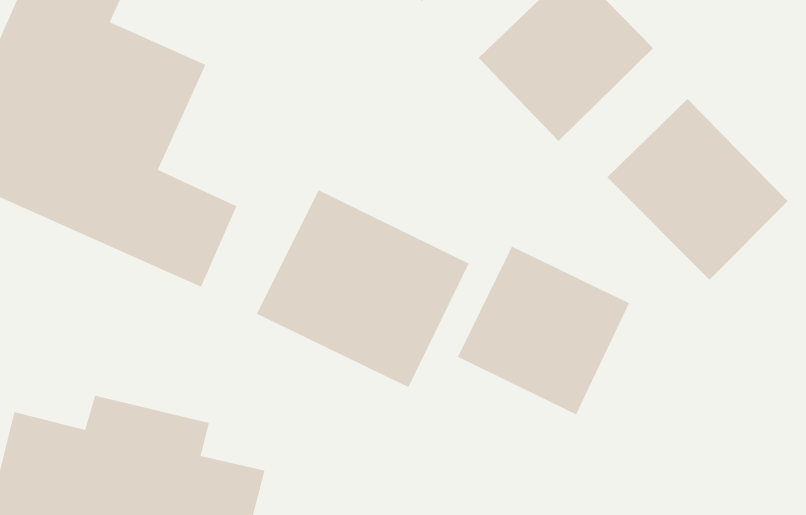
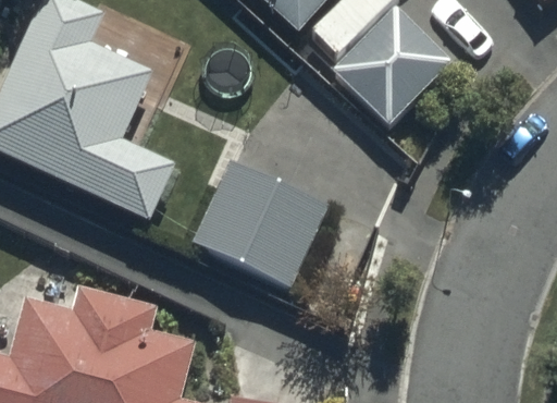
building: [607,98,789,280] -> none
building: [457,245,630,415] -> none

